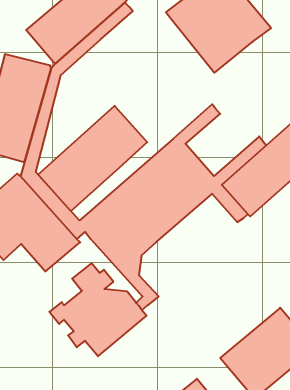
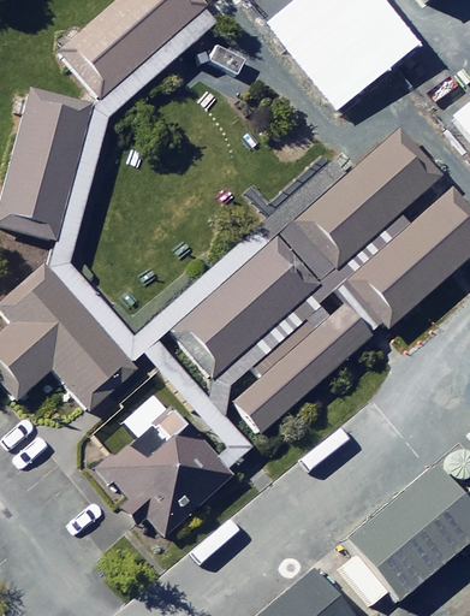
building: none -> [295,126,442,267]
building: [38,106,147,211] -> none
building: none -> [232,294,371,433]

